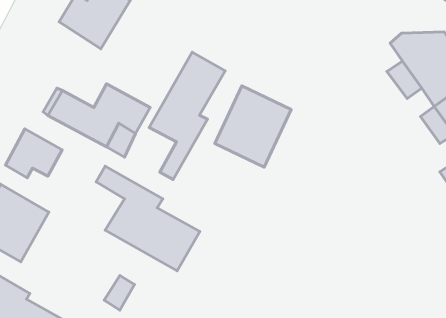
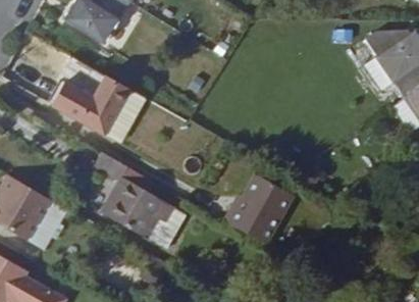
building: [149,52,225,179] -> none
building: [215,86,291,167] -> [227,168,297,242]
building: [5,129,62,178] -> none

